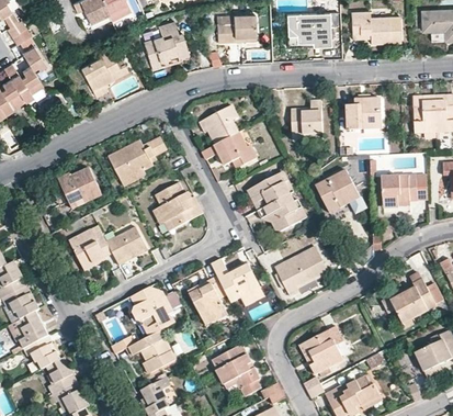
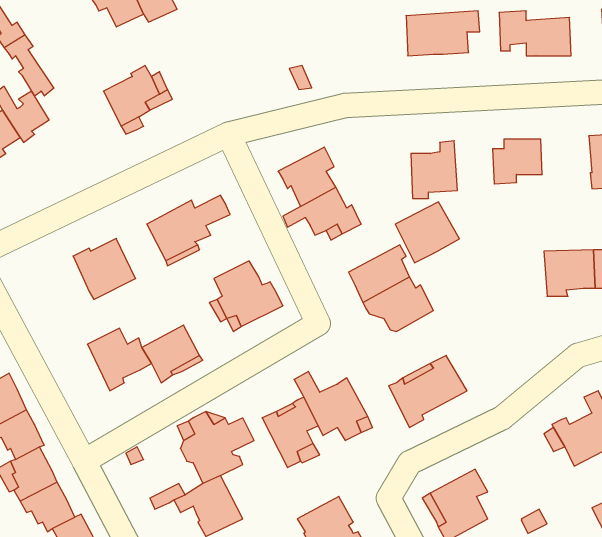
building: [217,15,256,42] -> none
building: [144,22,189,65] -> none
building: [316,171,360,213] -> [395,202,459,263]

